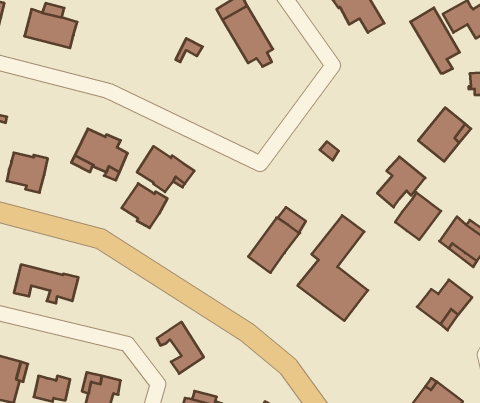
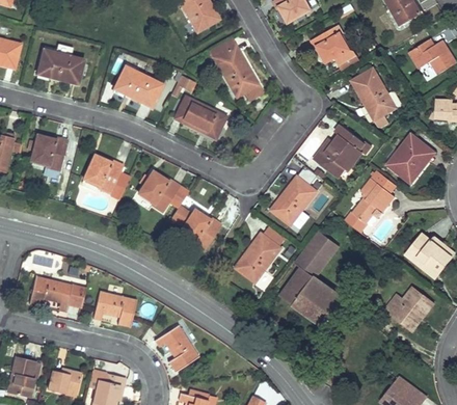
building: [410,8,460,73] -> [352,68,396,126]
building: none -> [114,66,163,107]
building: none -> [174,96,226,138]
building: none -> [320,127,366,176]
building: [7,153,48,193] -> [31,135,68,170]
building: none -> [272,177,318,224]
building: [122,183,167,228] -> [181,210,221,249]
building: [395,192,441,240] -> none
building: none -> [92,292,136,327]

